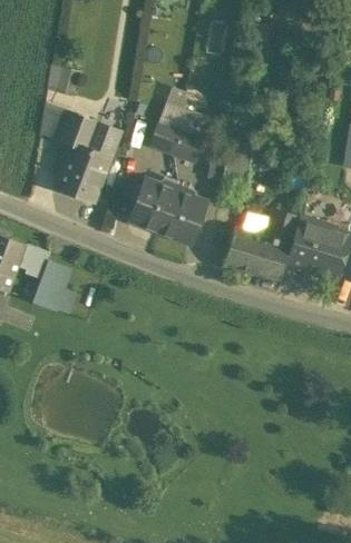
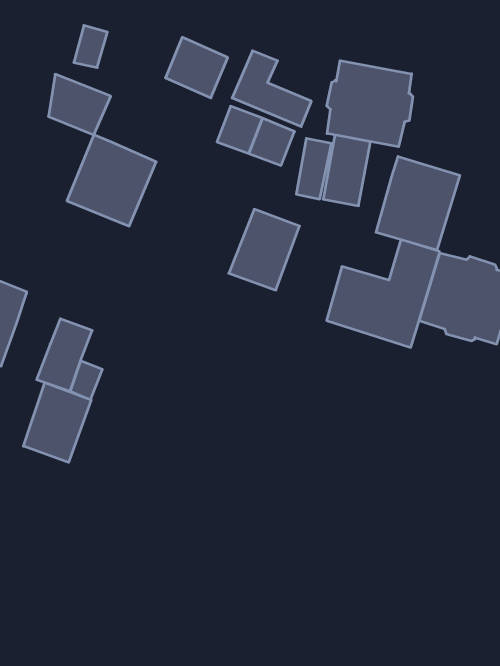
building: none -> [327,61,413,147]
building: [81,118,123,158] -> [165,37,228,98]
building: none -> [376,156,460,250]
building: [129,178,176,231] -> none
building: [19,245,50,278] -> none
building: none -> [23,383,91,462]

